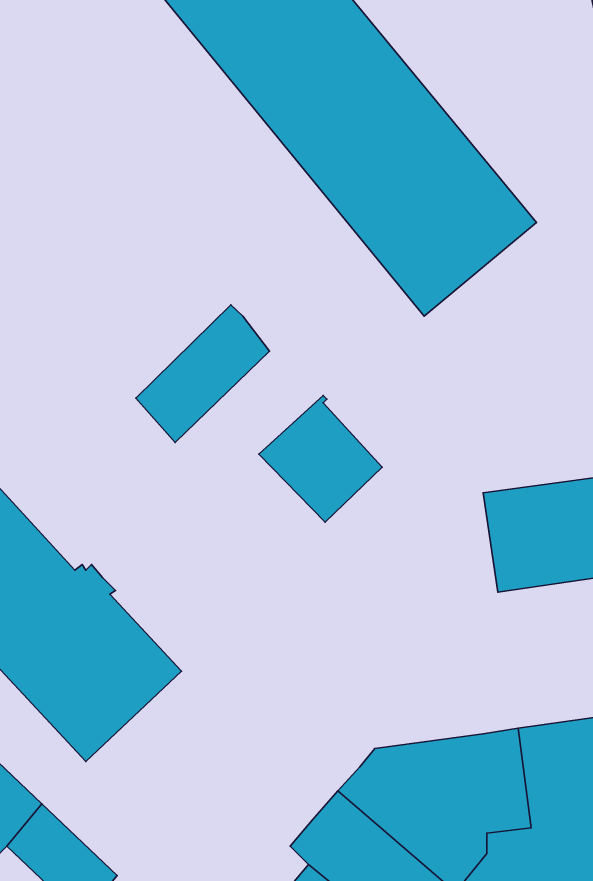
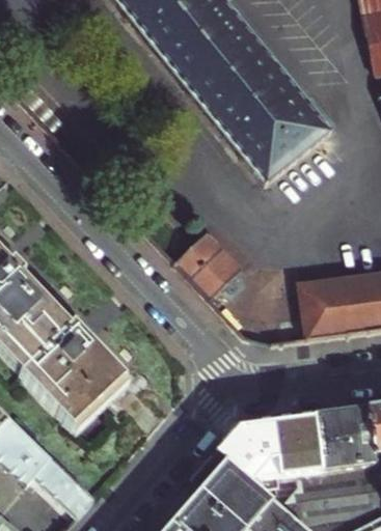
building: [136,305,270,442] -> none

